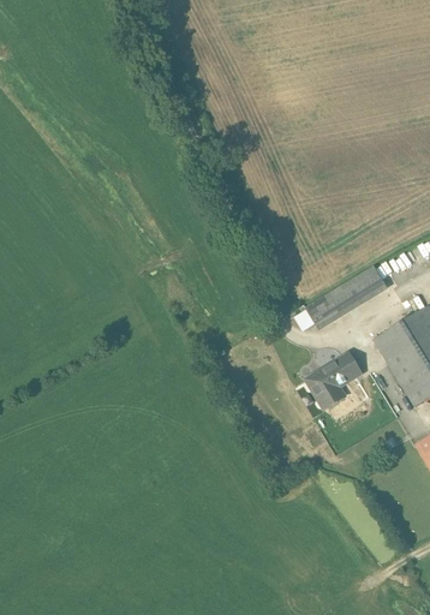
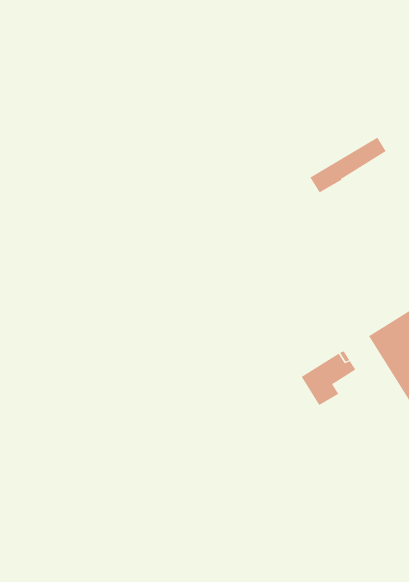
building: [306,268,383,324] -> [310,137,386,193]

